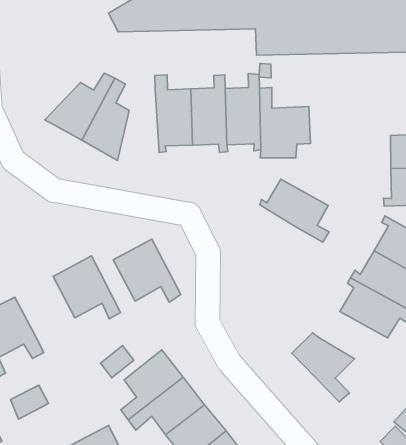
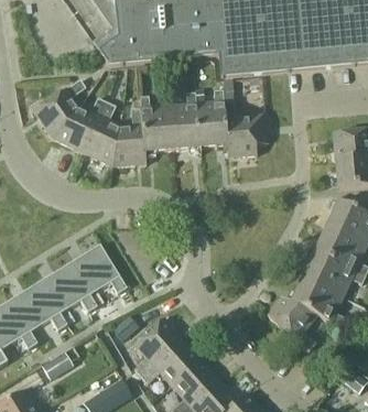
building: none -> [35,78,87,138]
building: none -> [115,107,148,166]
building: [260,179,329,242] -> [286,275,344,324]
building: [113,239,181,302] -> [40,263,96,314]

